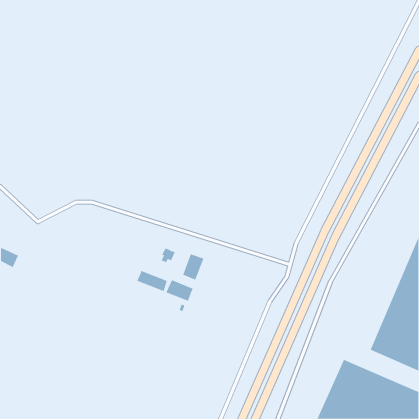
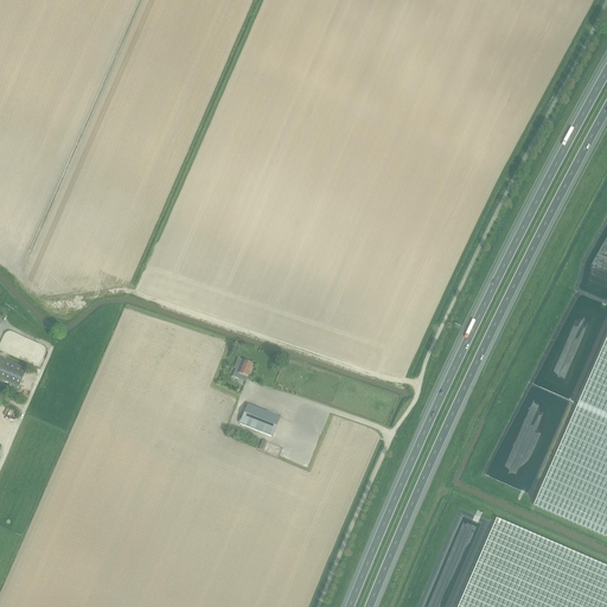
building: [182,253,204,280] -> none
building: [137,270,168,292] -> none

